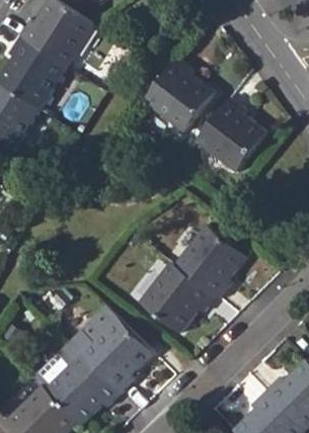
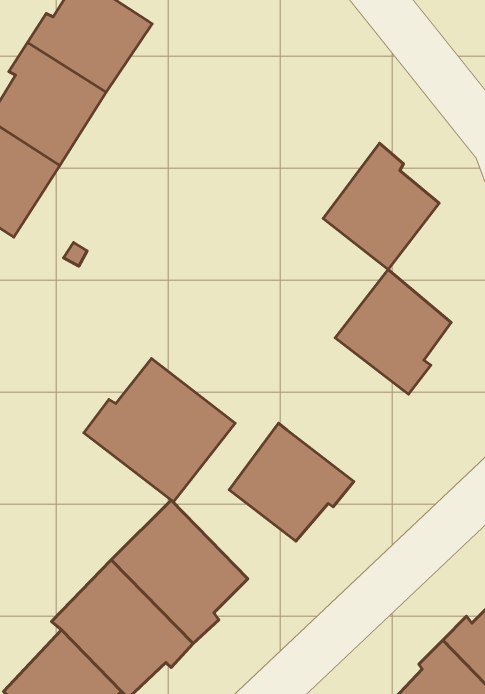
building: [144,57,214,131] -> none
building: none -> [84,358,235,502]
building: [174,226,243,299] -> [335,270,451,394]

